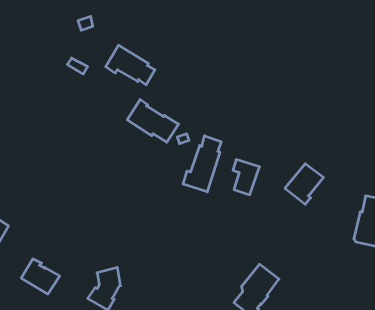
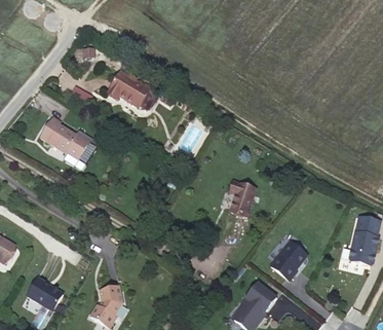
building: [127,99,179,142] -> [42,117,91,158]
building: [183,136,221,192] -> none
building: [285,164,323,204] -> [269,242,306,281]

